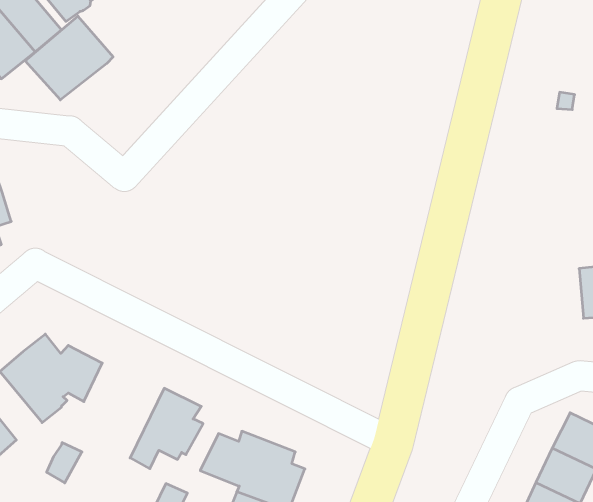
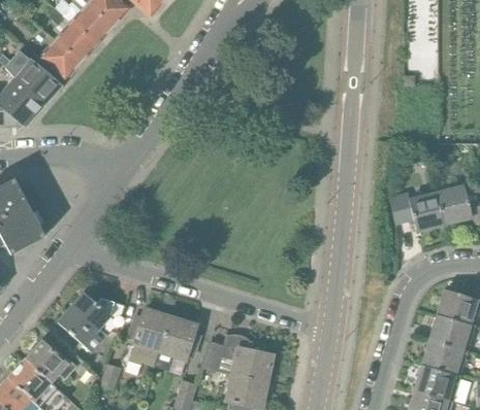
building: [25,16,113,100] -> none
building: none -> [389,191,445,231]
building: none -> [128,307,170,366]

